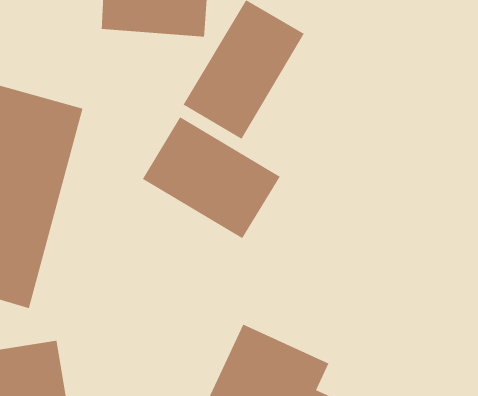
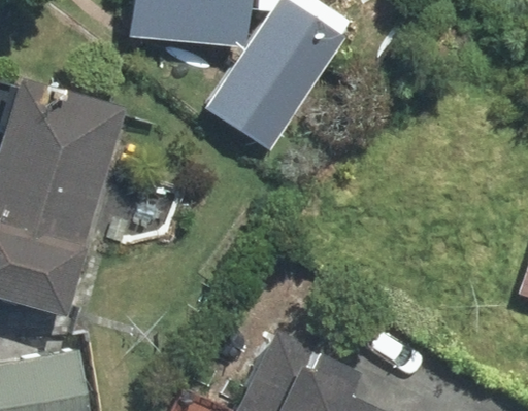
building: [142,116,281,239] -> none

